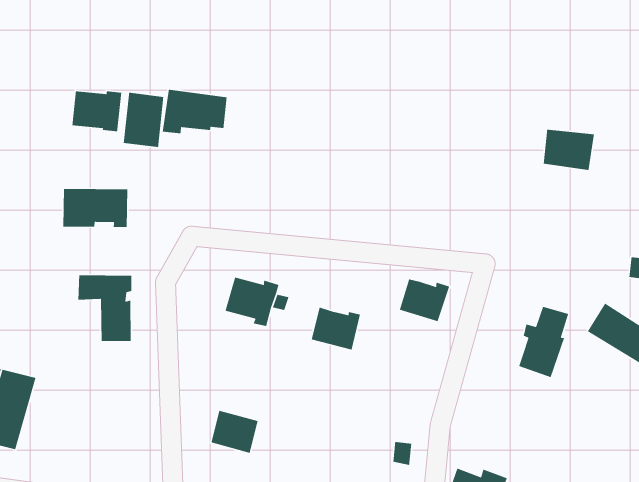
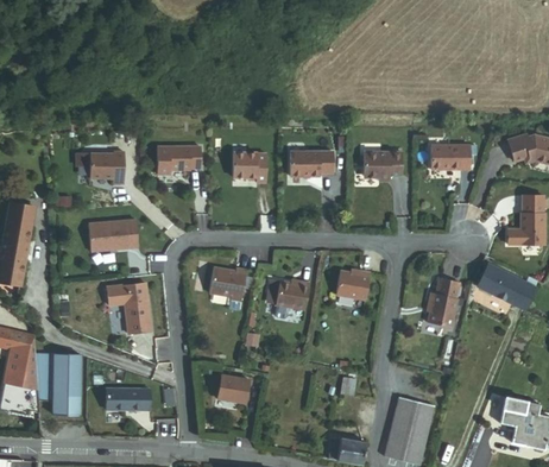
building: [123,92,164,148] -> none
building: none -> [231,152,266,182]
building: none -> [288,149,332,173]
building: none -> [361,150,400,178]
building: none -> [106,390,151,412]

